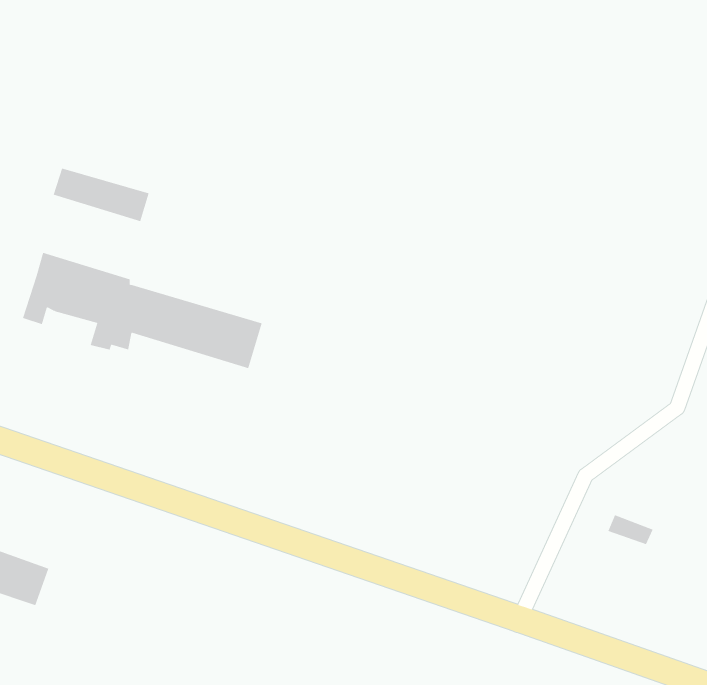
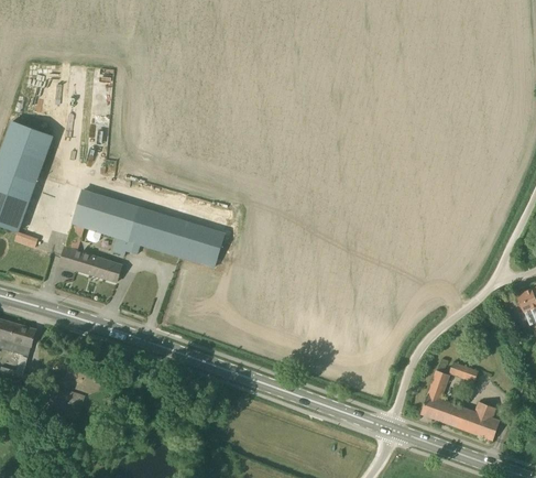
building: [53,168,149,222] -> [59,247,122,282]
building: none -> [420,370,500,439]

